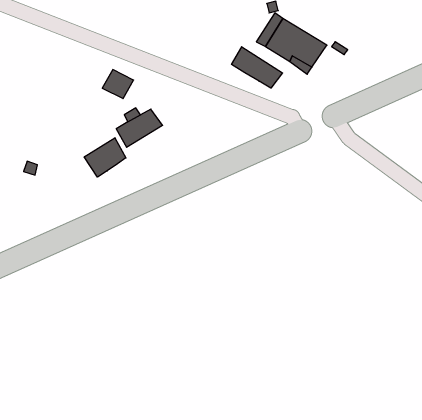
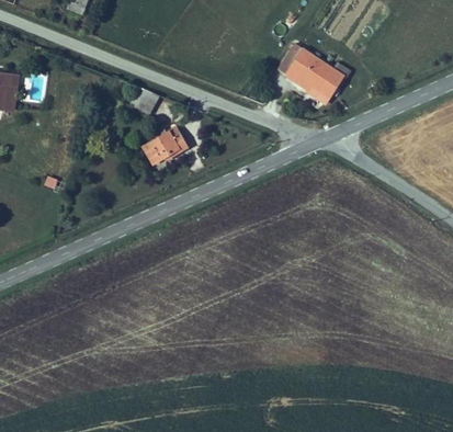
building: [232,47,283,88] -> none
building: [84,138,126,177] -> none

